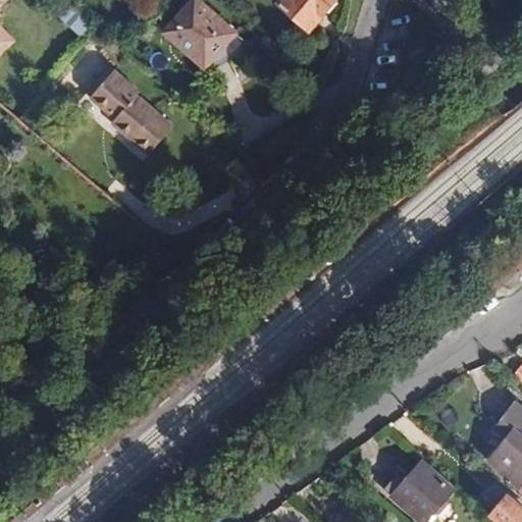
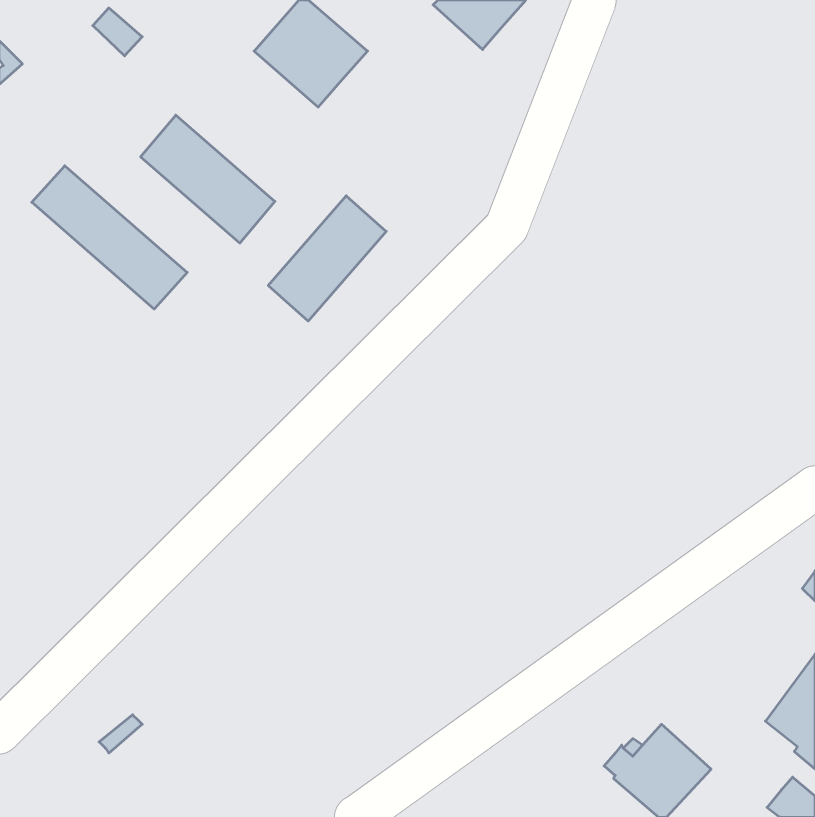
building: none -> [32,166,187,309]
building: none -> [268,196,386,321]

